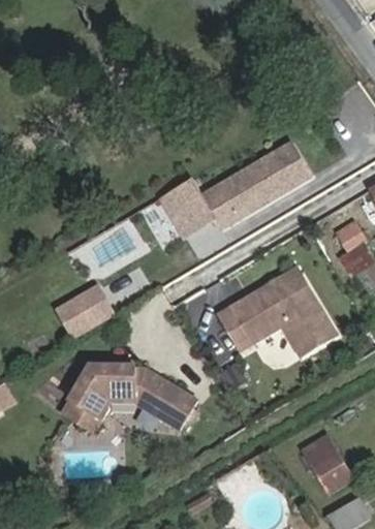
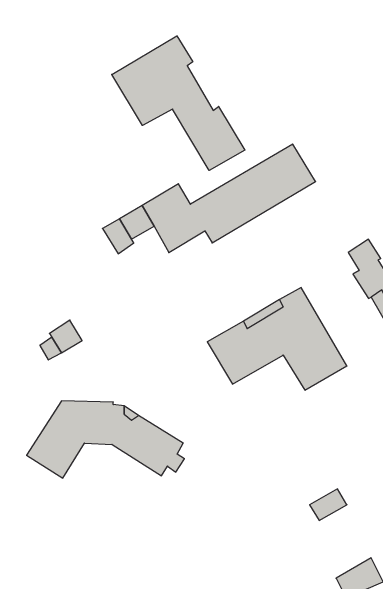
building: none -> [112,36,245,170]
building: [312,453,350,493] -> none

